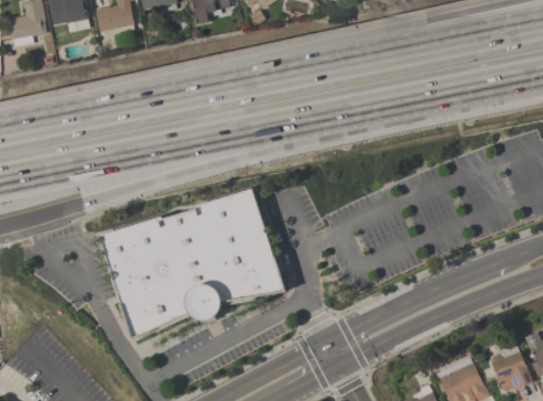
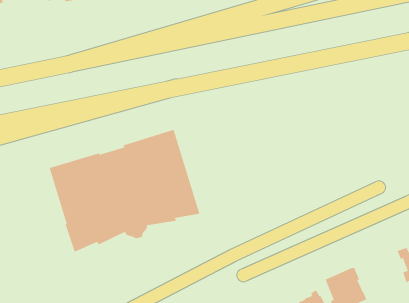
building: [490,344,533,390] -> none

